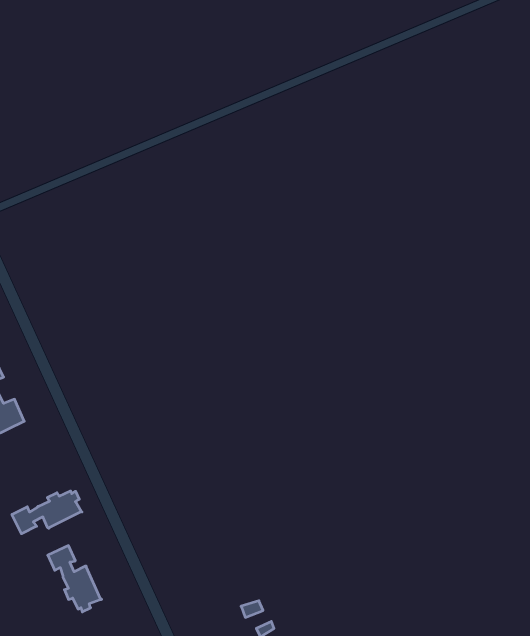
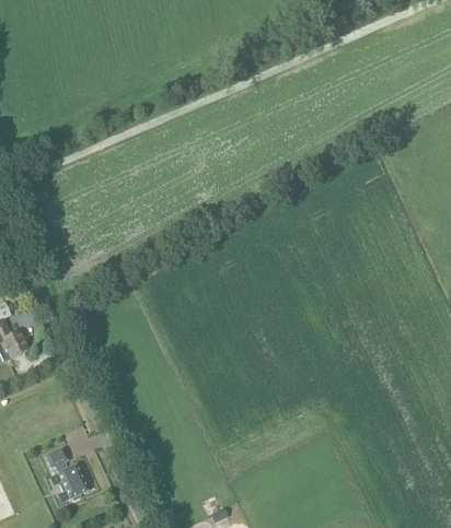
building: [12,491,82,534] -> none

